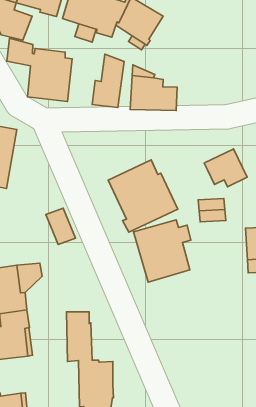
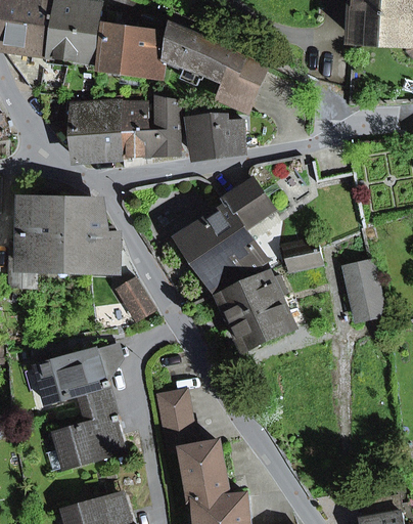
building: none -> [201,43,265,111]
building: none -> [119,102,149,157]
building: none -> [67,198,116,268]
building: [204,149,247,187] -> [221,179,272,223]

